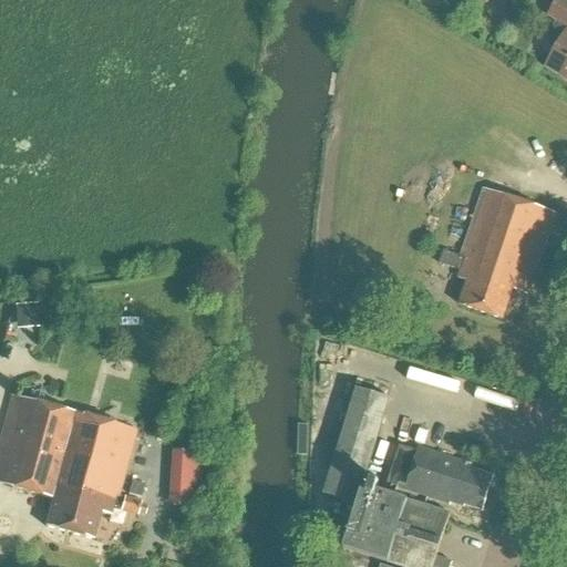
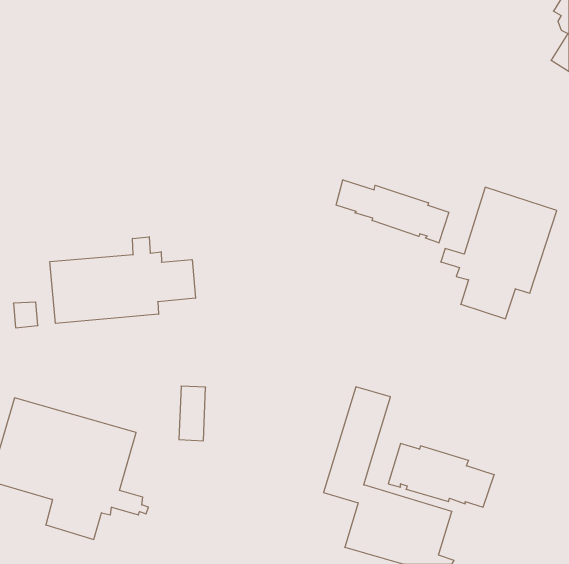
building: none -> [336,180,449,243]
building: none -> [50,237,195,323]
building: [173,446,199,501] -> [179,386,206,441]

